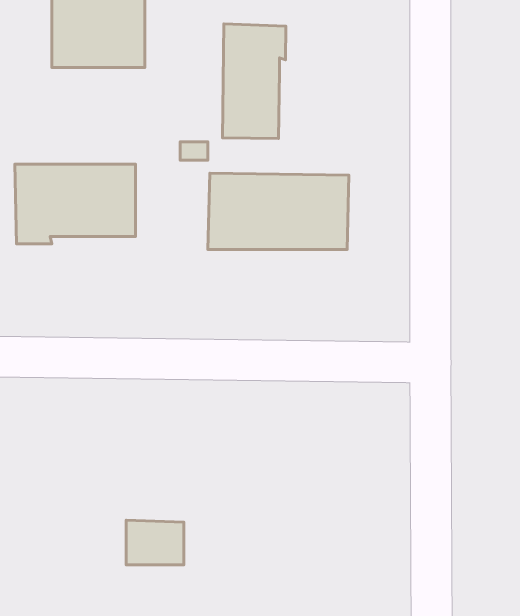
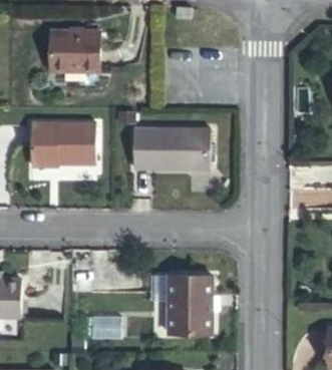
building: [222,24,286,139] -> none
building: none -> [165,276,211,333]

